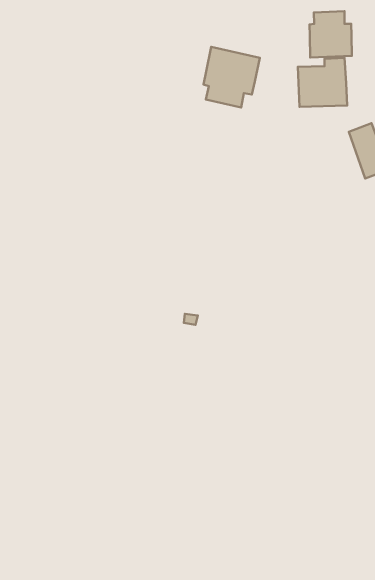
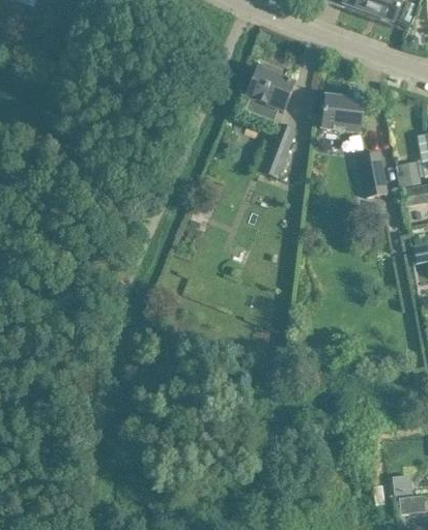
building: [310,11,352,57] -> none
building: none -> [260,121,296,177]

